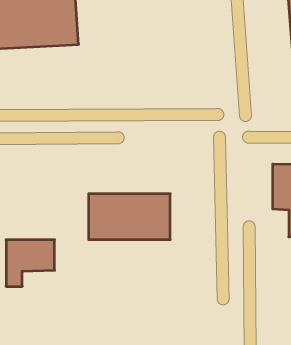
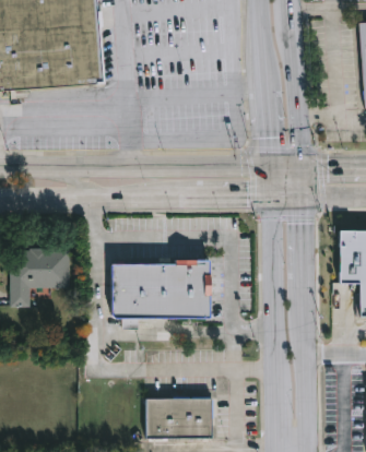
building: [6,240,55,286] -> [12,251,71,308]
building: none -> [149,393,215,441]

